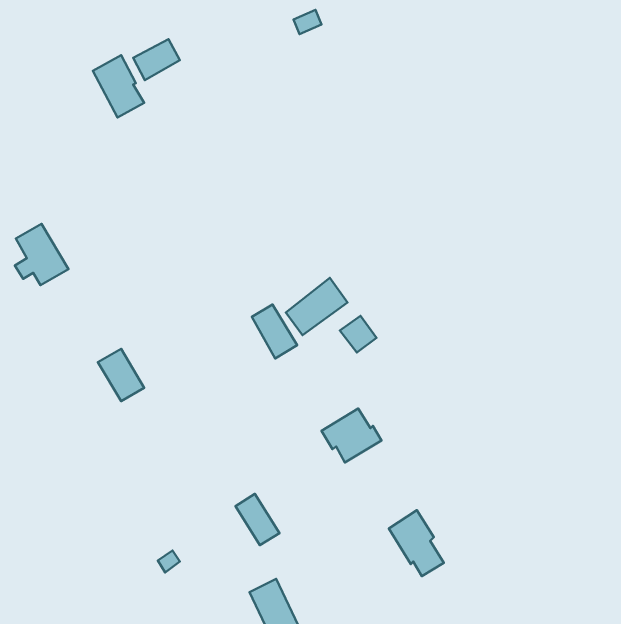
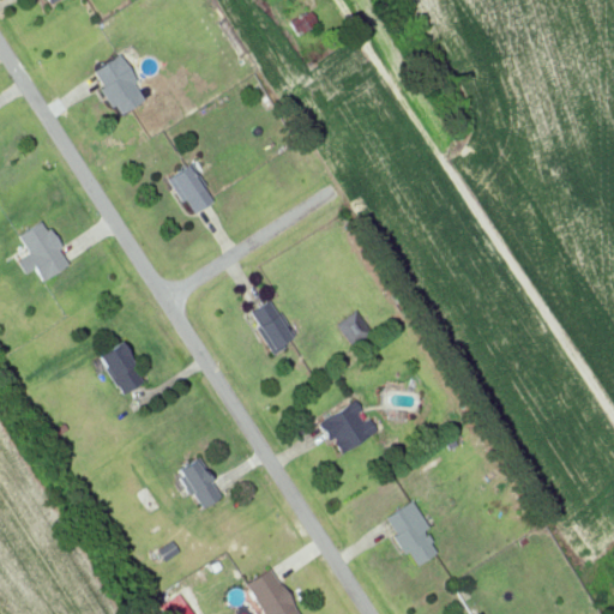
building: [133,39,180,80] -> none
building: none -> [170,164,215,213]
building: [286,278,348,335] -> none
building: [235,494,279,545] -> [179,458,222,508]

